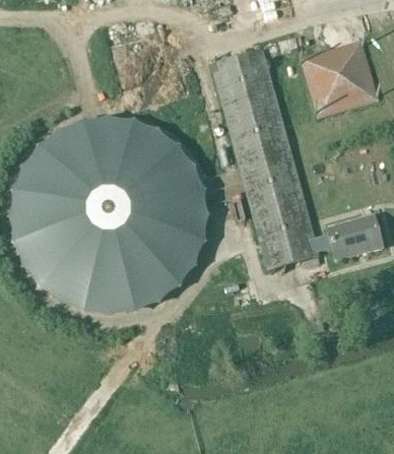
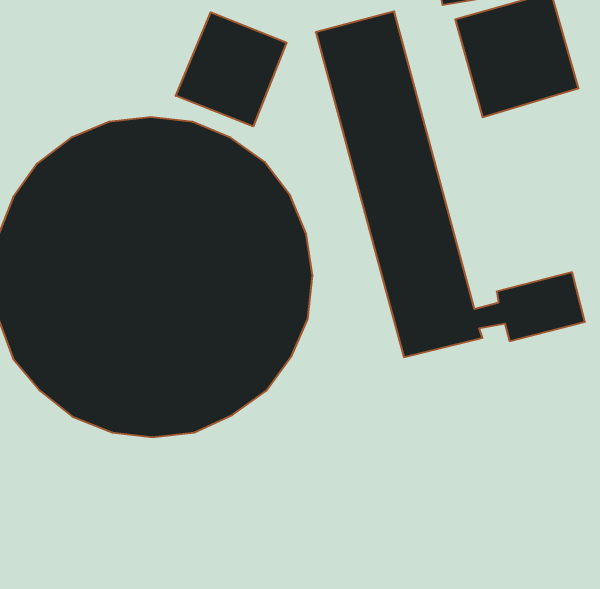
building: none -> [176,12,287,126]

